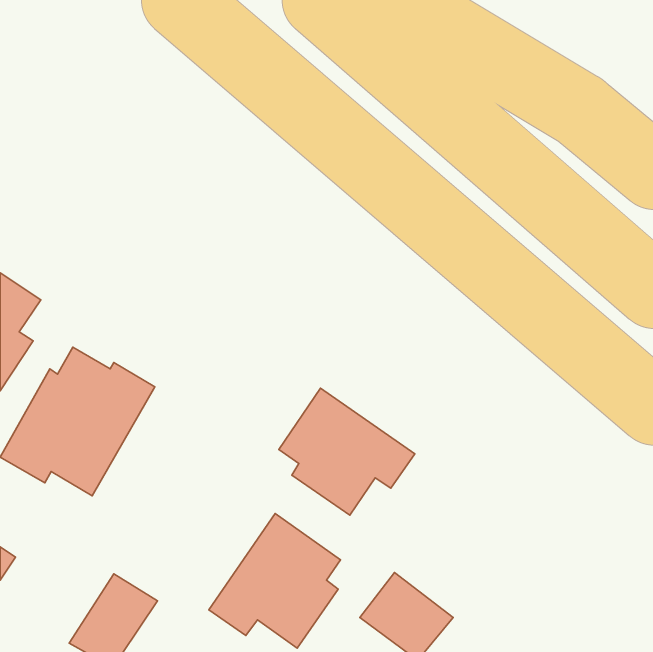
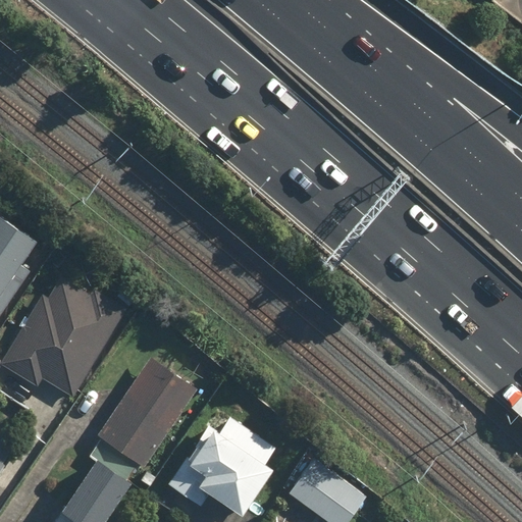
building: [279,388,415,515] -> none
building: none -> [98,357,197,468]

